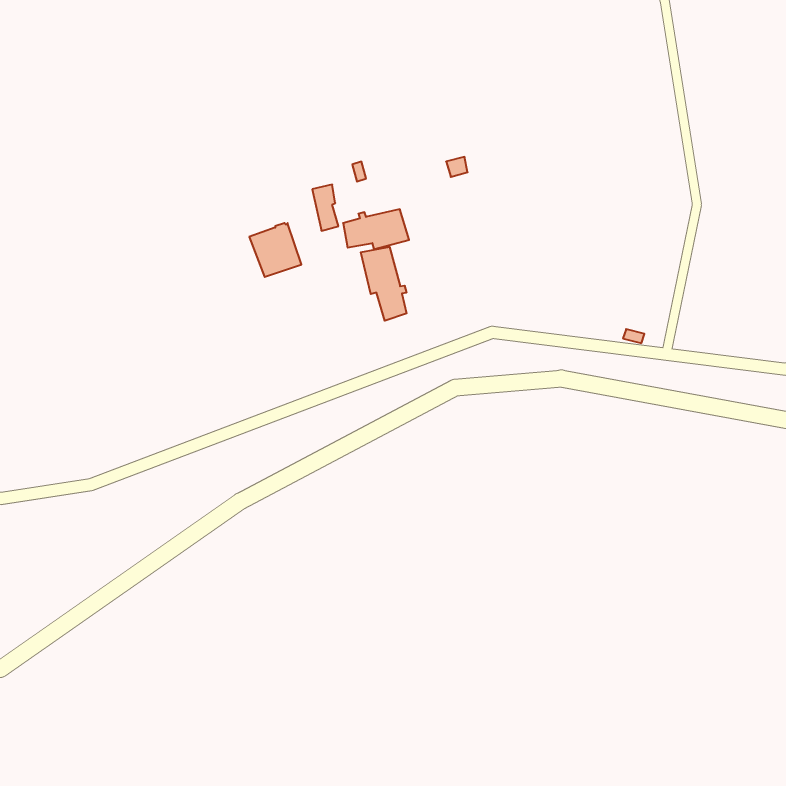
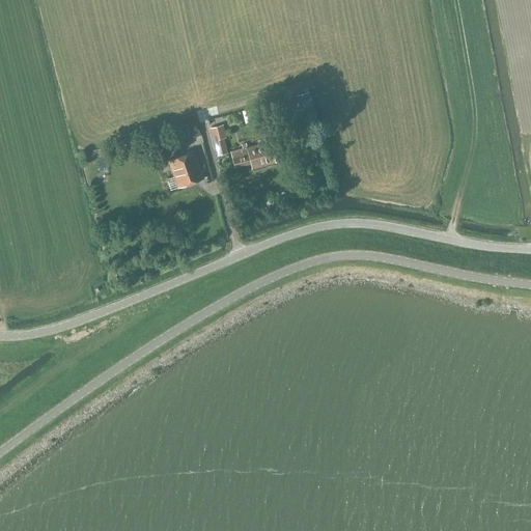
building: [361,247,407,321] -> none

